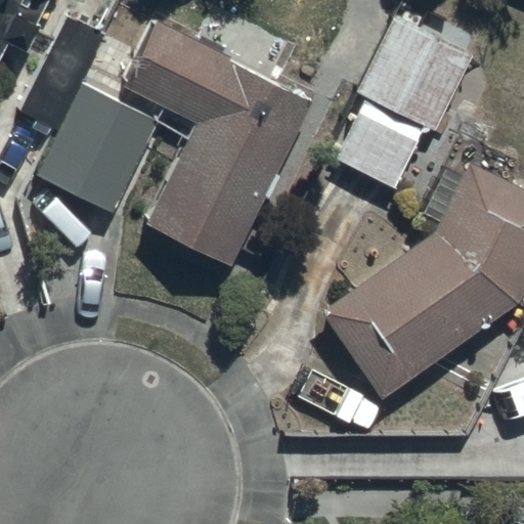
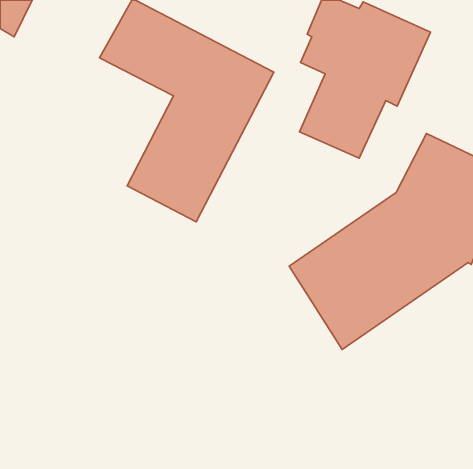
building: [40,82,159,210] -> none

